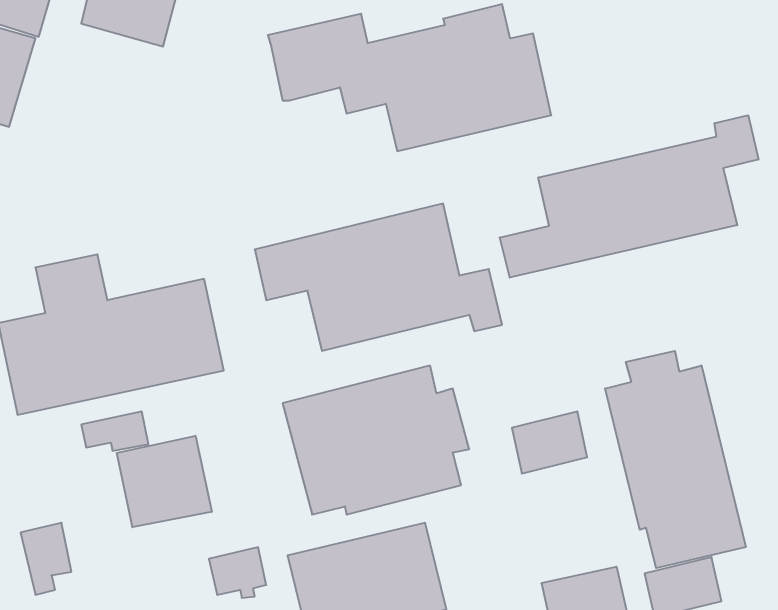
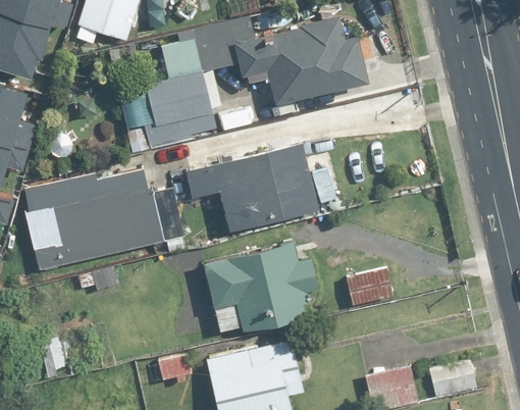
building: none -> [117,41,221,154]
building: [500,115,758,278] -> none
building: [605,351,746,568] -> none
building: [117,436,212,527] -> none

